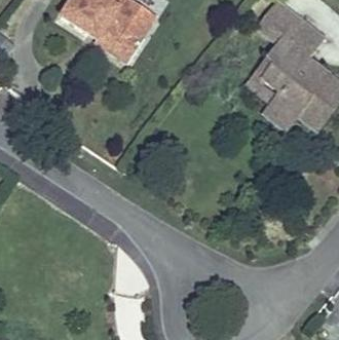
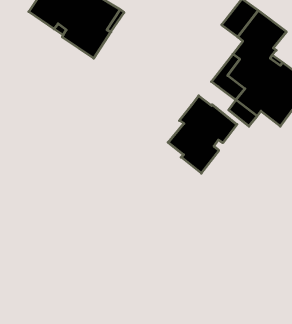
building: none -> [168,96,237,173]

